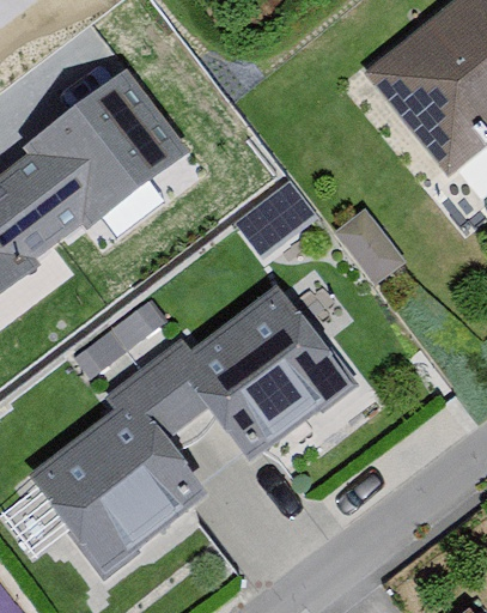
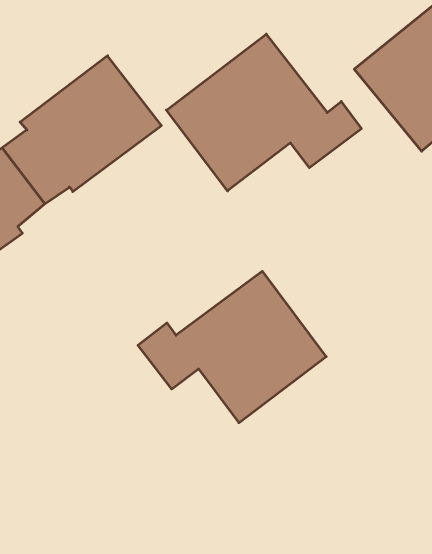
building: none -> [166,34,361,191]
building: [38,374,206,569] -> none

